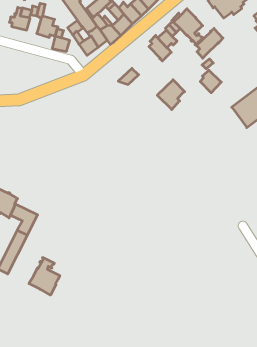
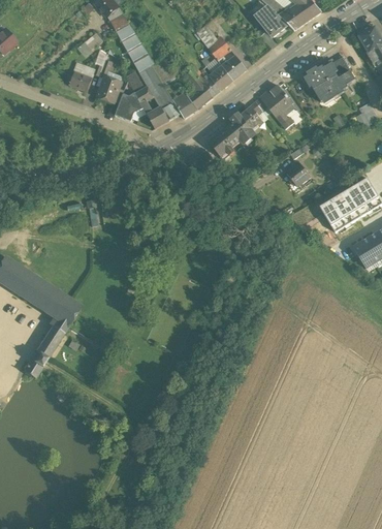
building: [196,28,223,58] -> none
building: [157,80,185,110] -> [209,125,242,160]
building: [29,258,60,295] -> none

